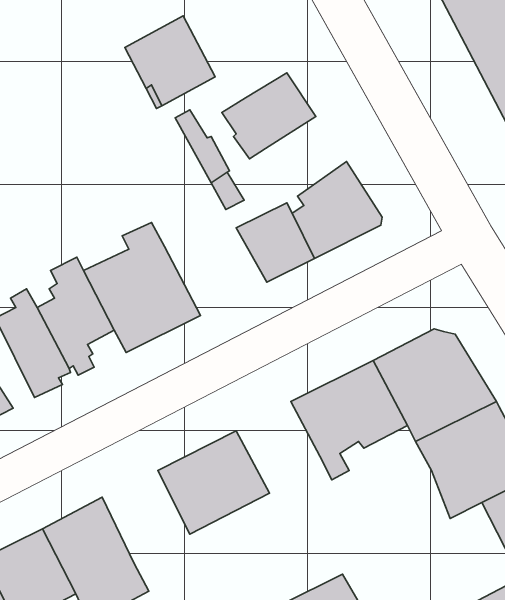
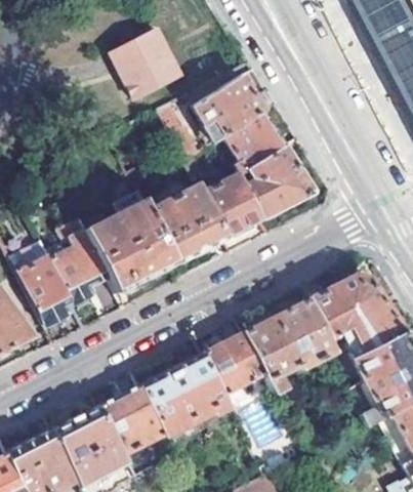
building: none -> [224,110,287,174]
building: none -> [147,184,225,263]
building: none -> [202,330,266,404]
building: none -> [98,383,166,455]

